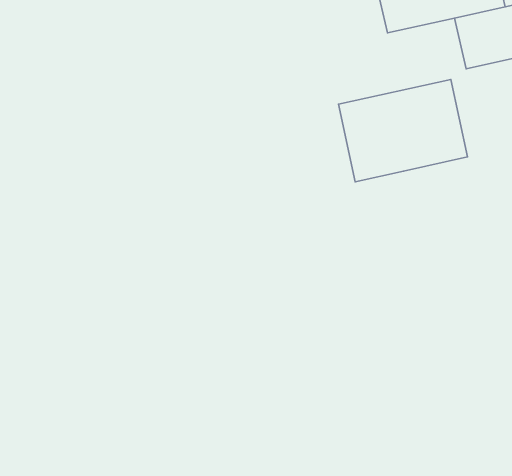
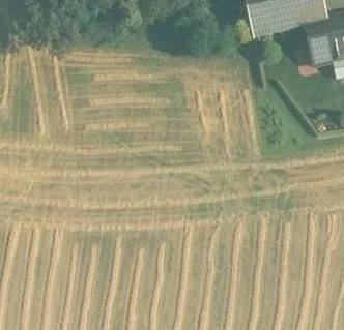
building: [339,79,467,182] -> none

